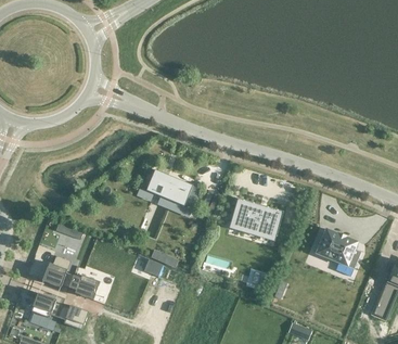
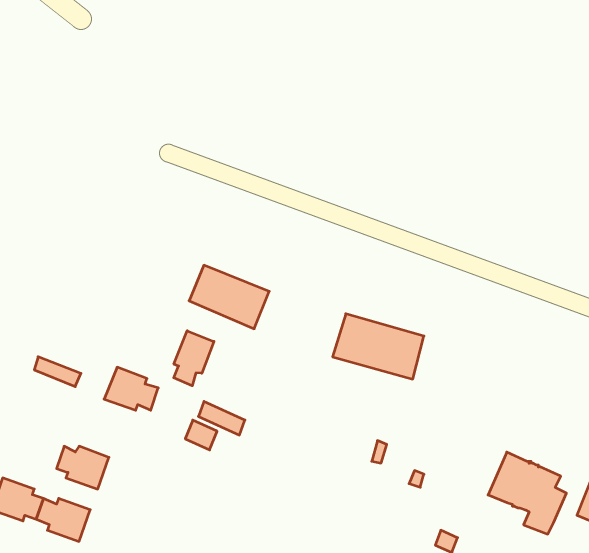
building: none -> [174,331,214,386]
building: [314,228,360,276] -> [488,452,566,534]
building: [41,263,73,288] -> [104,367,158,410]

